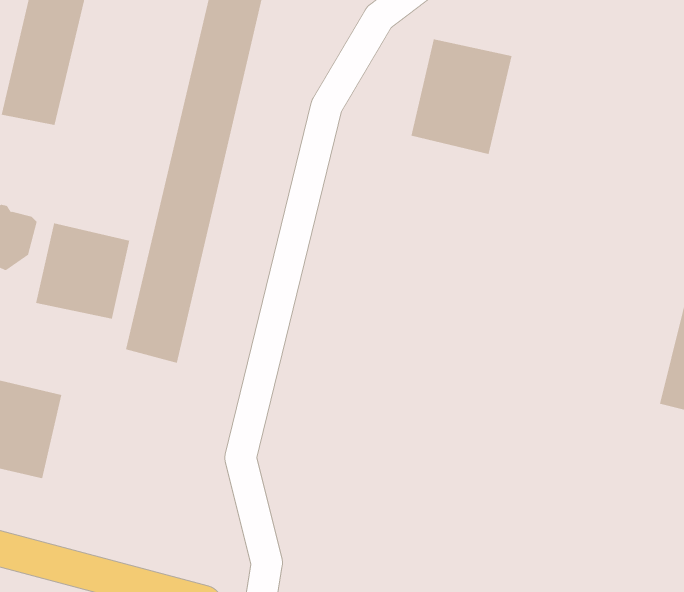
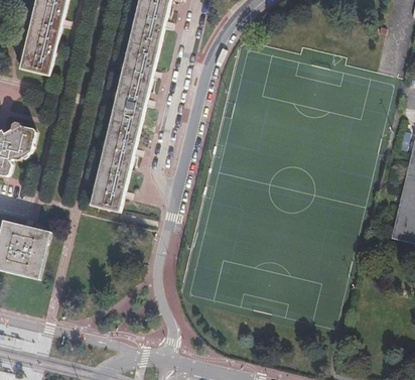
building: [411,39,512,155] -> none
building: [35,222,130,320] -> none

